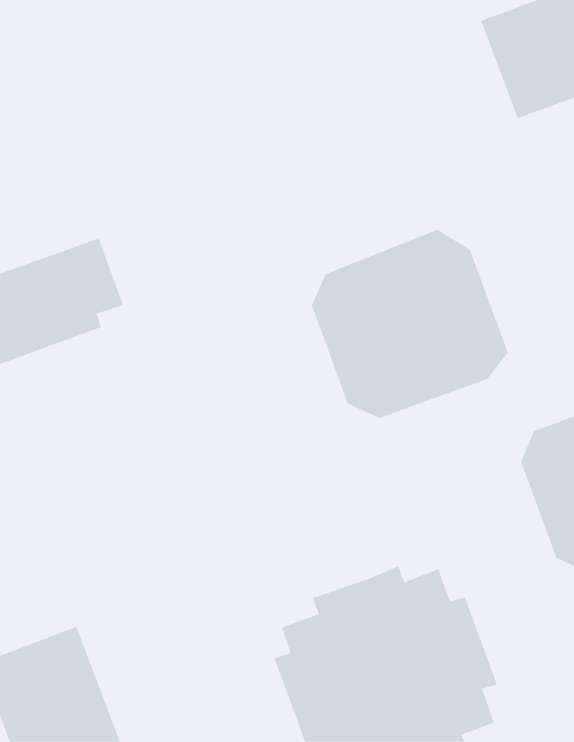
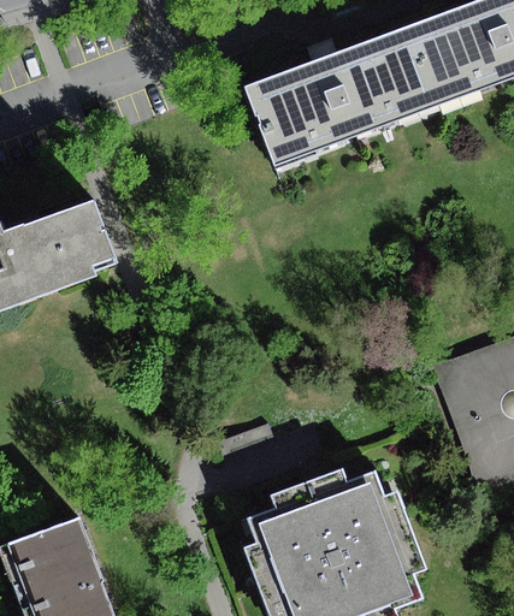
building: none -> [243,24,437,166]
building: [311,229,509,419] -> none

